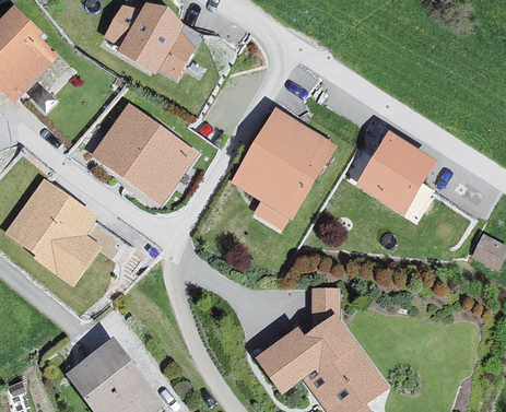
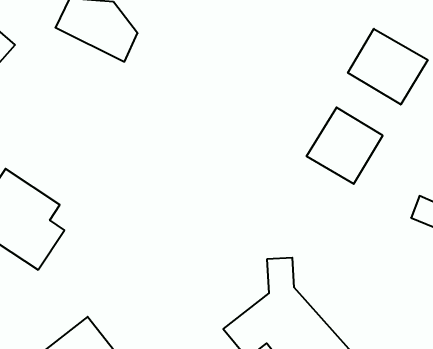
building: none -> [348,29,428,105]
building: [90,104,195,203] -> none
building: [232,108,340,221] -> none

